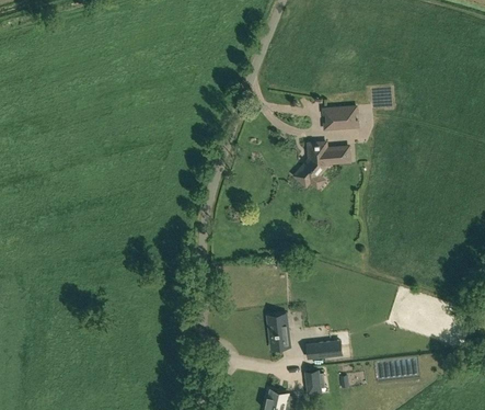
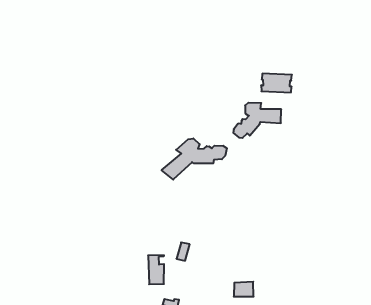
building: none -> [162,138,227,180]
building: [267,315,288,349] -> [148,255,164,284]

